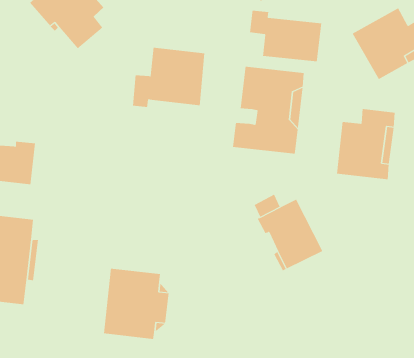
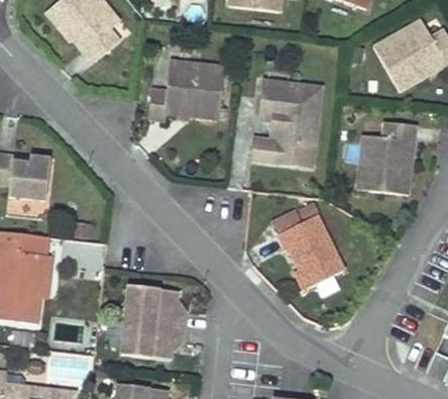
building: [249,10,322,62] -> none

